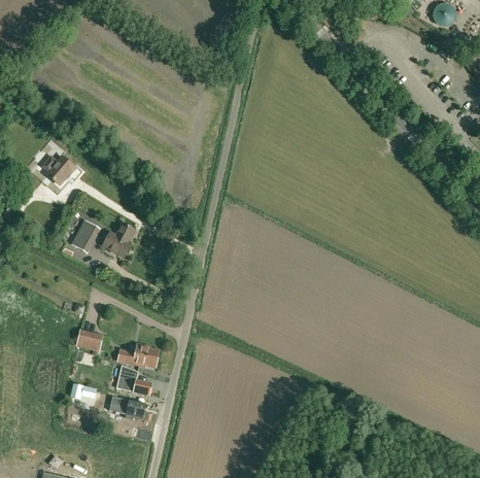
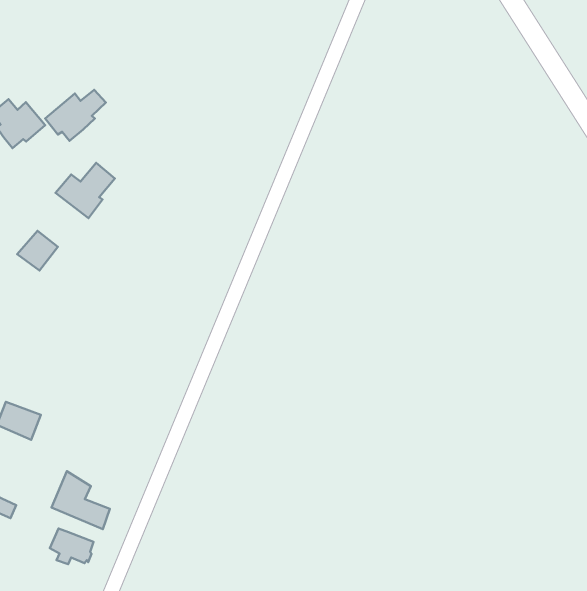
building: none -> [45,90,106,141]
building: [103,223,136,255] -> [55,163,115,218]
building: [118,344,159,367] -> none

